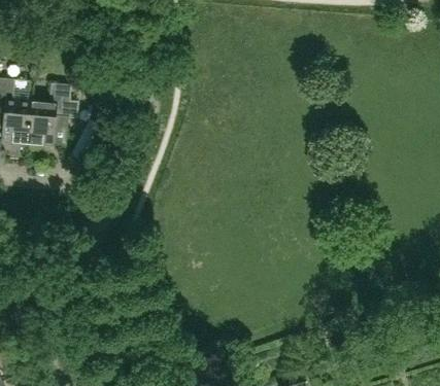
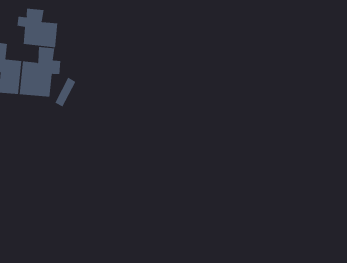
building: none -> [17,8,58,48]

